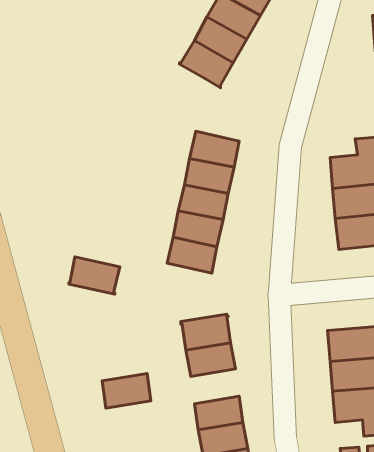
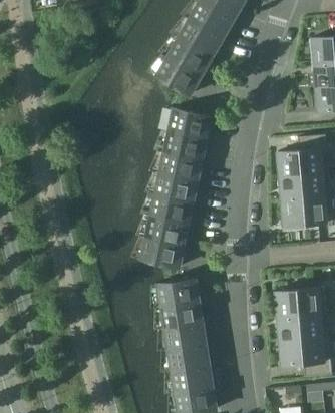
building: none -> [169,109,210,139]
building: [69,257,120,294] -> [140,238,182,268]
building: [102,373,151,408] -> [164,323,204,351]

